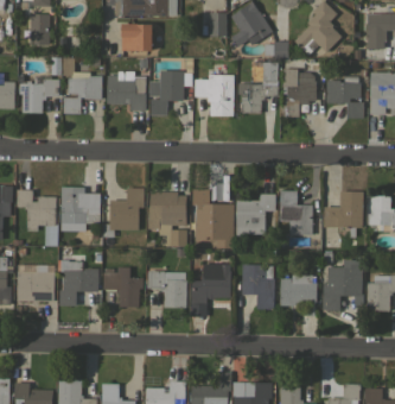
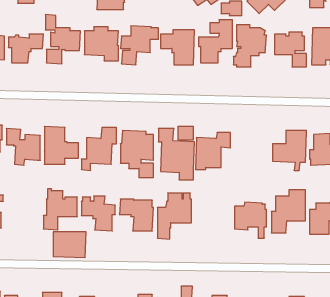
building: [279,190,312,235] -> none
building: [241,265,274,310] -> none
building: [17,272,55,302] -> [53,232,86,258]

